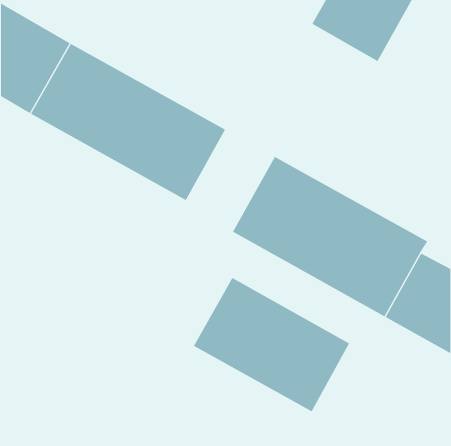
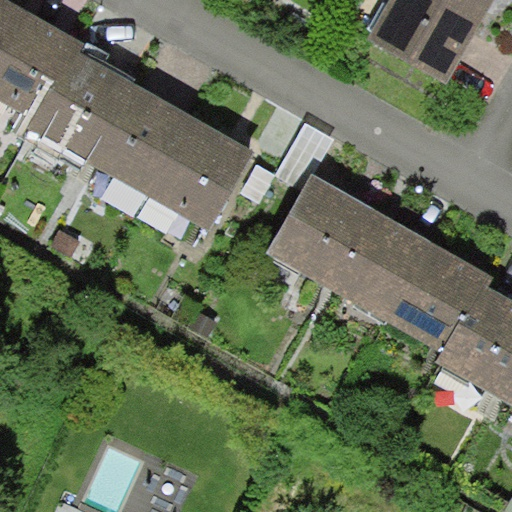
building: [193,277,350,412] -> none

